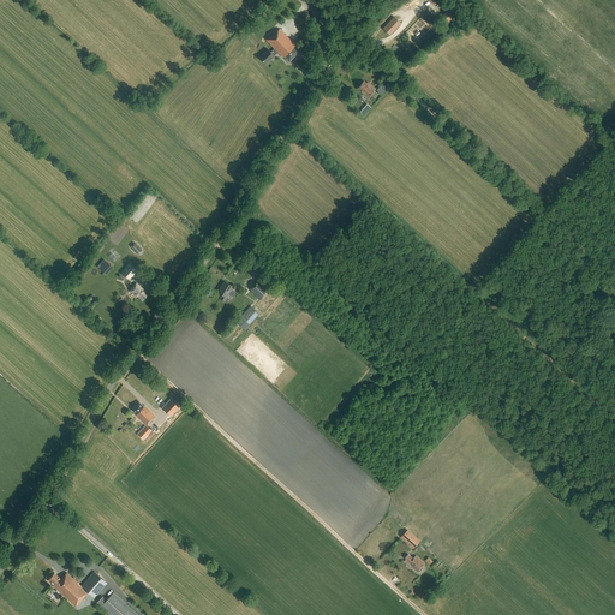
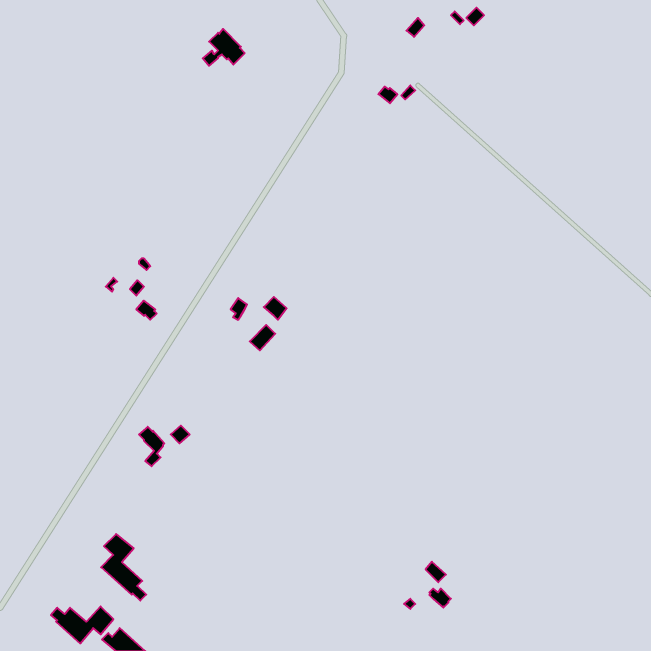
building: [259,29,299,64] -> [203,29,245,66]
building: none -> [101,534,146,601]

